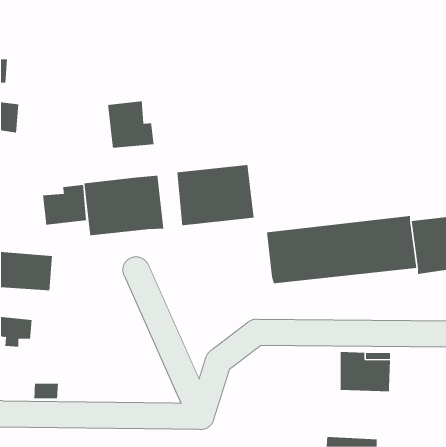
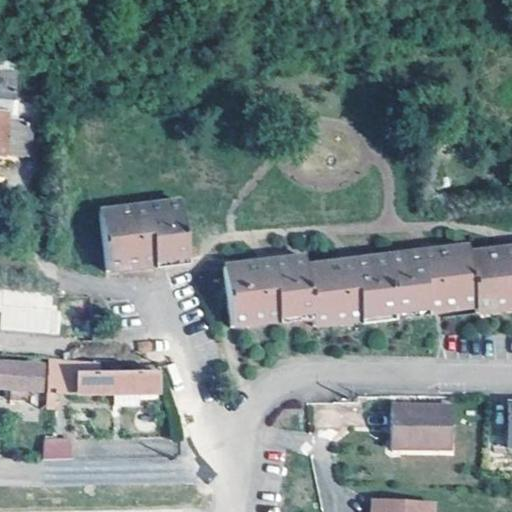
building: [107,101,154,149] -> none
building: [176,164,254,226] -> [223,255,312,325]
building: [42,184,87,226] -> none
building: none -> [51,358,157,391]

